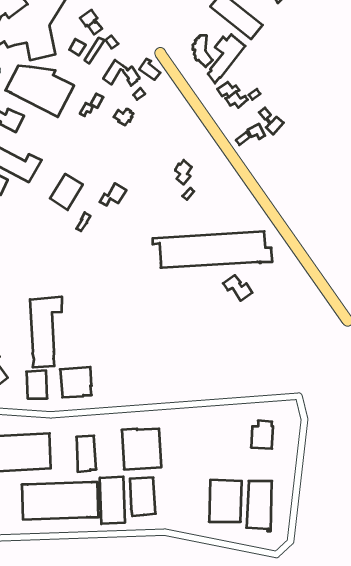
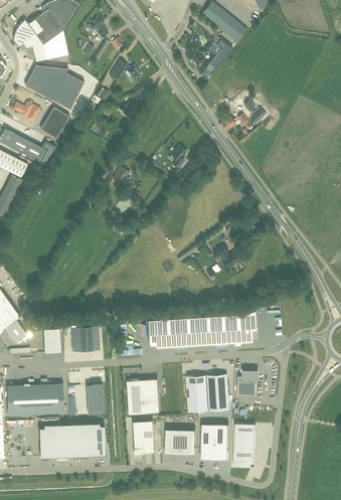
building: [50,174,83,210] -> [41,107,69,138]
building: [153,231,272,268] -> [150,314,253,345]
building: [30,297,62,367] -> none
building: none -> [186,374,229,411]
building: [100,477,125,524] -> none
building: none -> [165,429,195,454]

